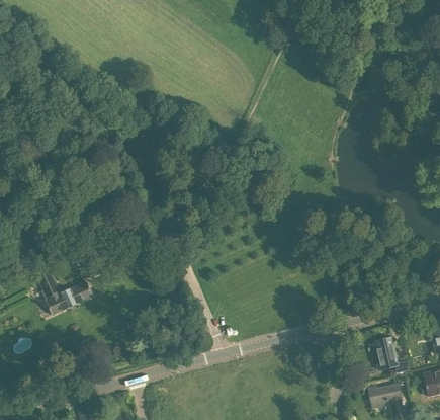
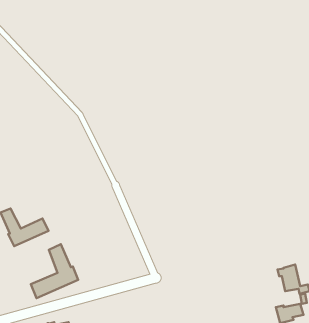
building: none -> [31,244,78,298]

